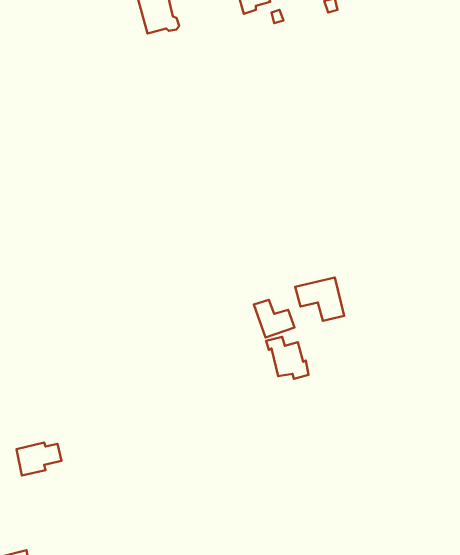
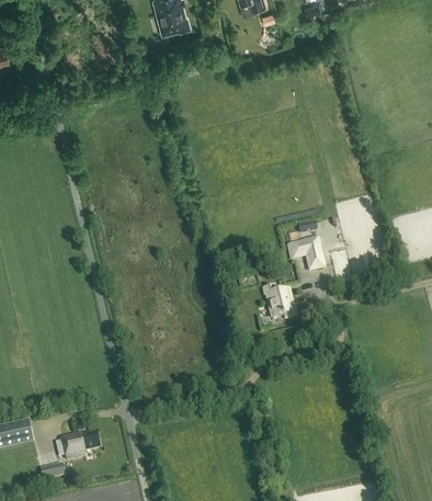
building: [254,300,294,337] -> none
building: [17,442,61,475] -> [61,432,99,459]

